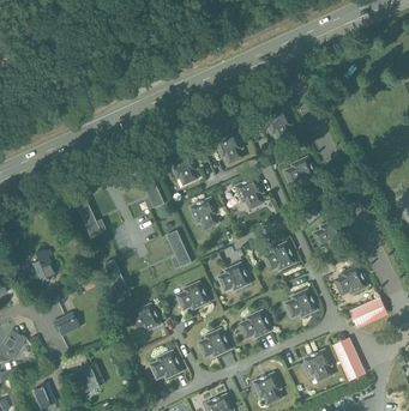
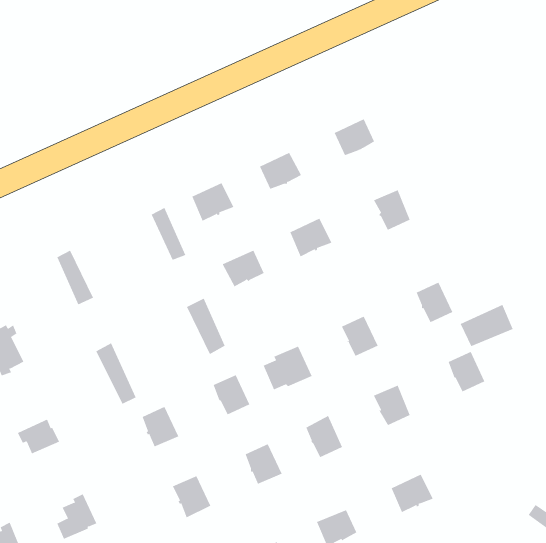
building: [350,298,386,327] -> [460,304,513,347]
building: [333,339,365,381] -> none

